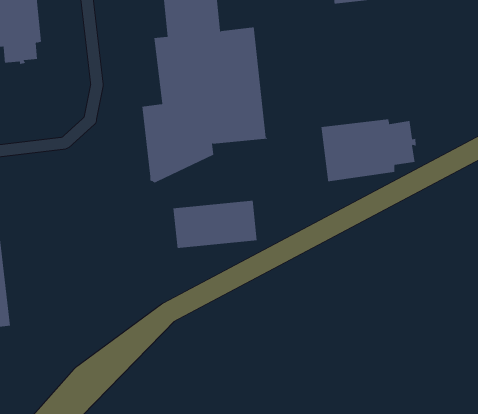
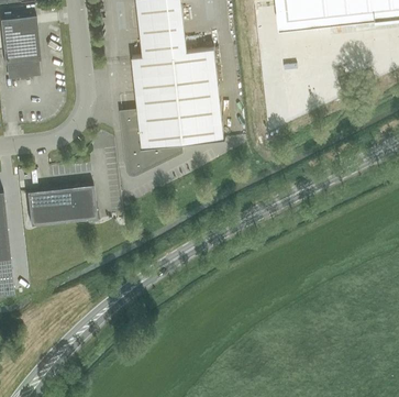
building: [321,119,416,182] -> none
building: [173,200,257,249] -> [27,186,97,225]

